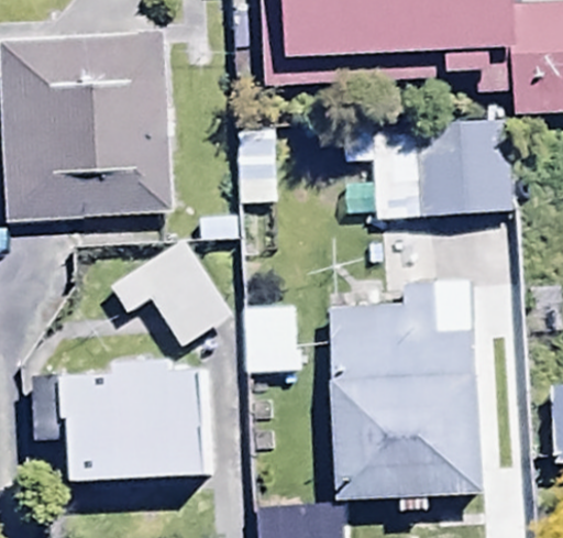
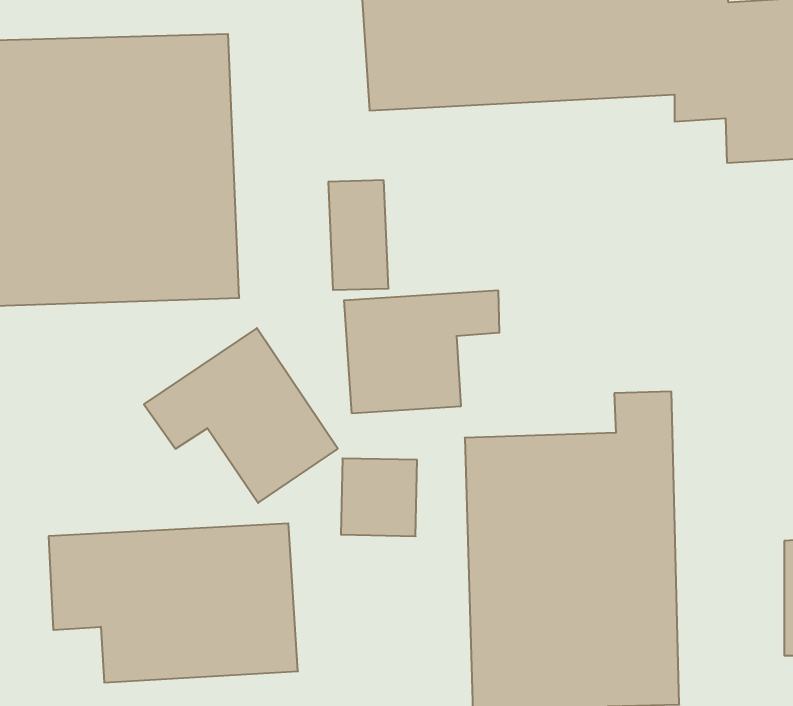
building: [341,110,516,217] -> none
building: none -> [344,290,499,413]

